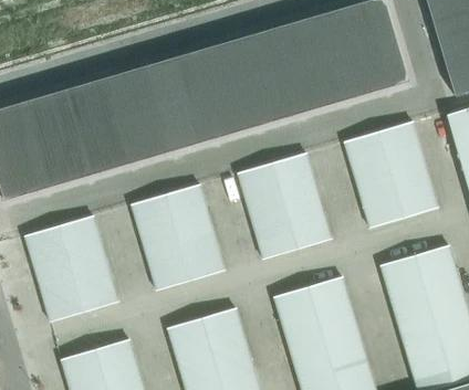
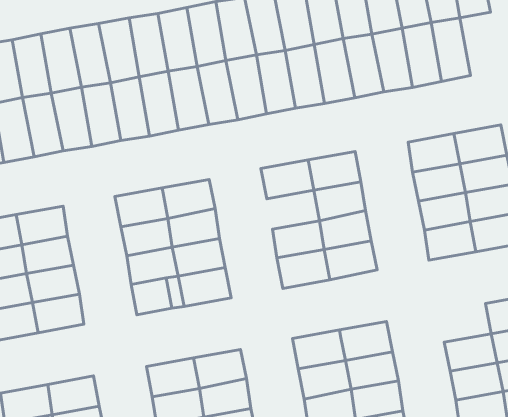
building: [373,39,407,87] -> none
building: [243,185,284,217] -> none
building: [381,255,420,287] -> none

